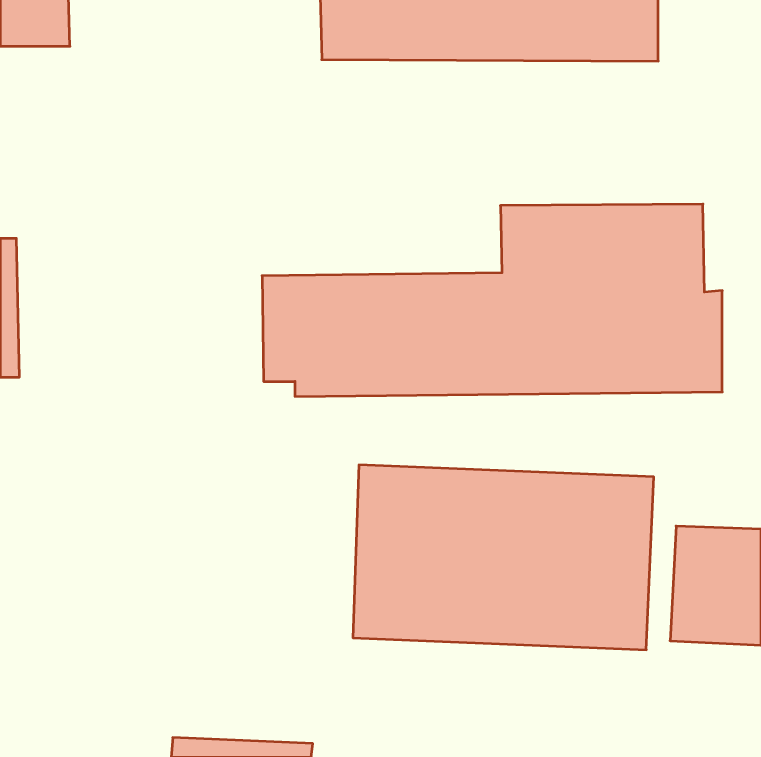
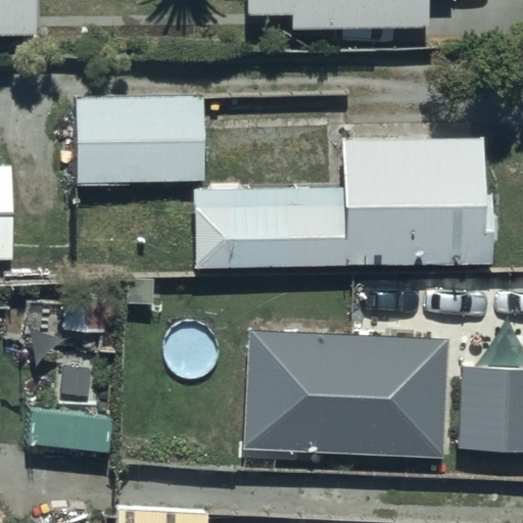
building: none -> [77,93,210,183]

